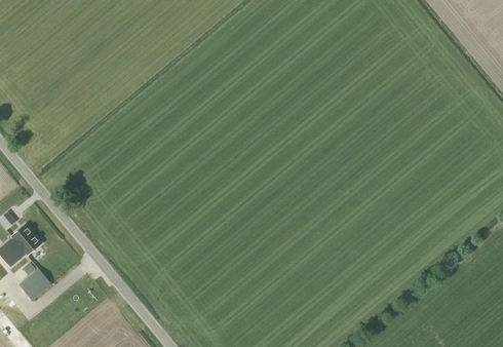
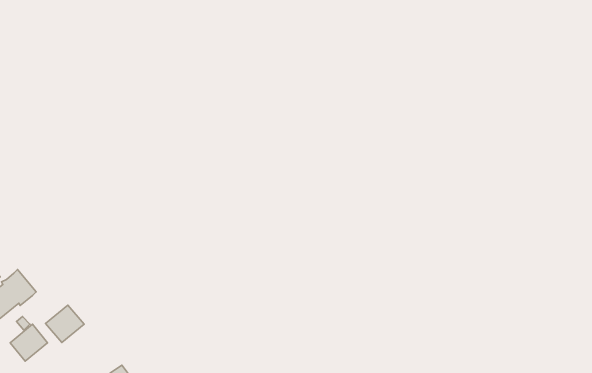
building: none -> [45,305,84,343]

